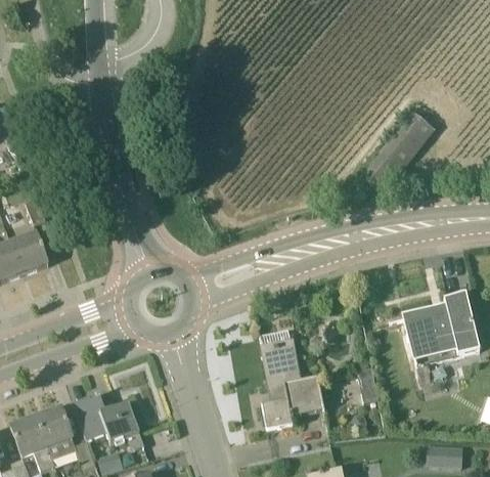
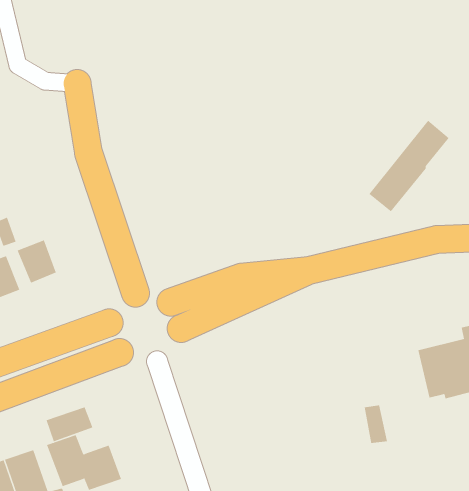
building: none -> [17,240,57,283]
building: [262,338,323,428] -> none
building: none -> [46,407,93,442]

